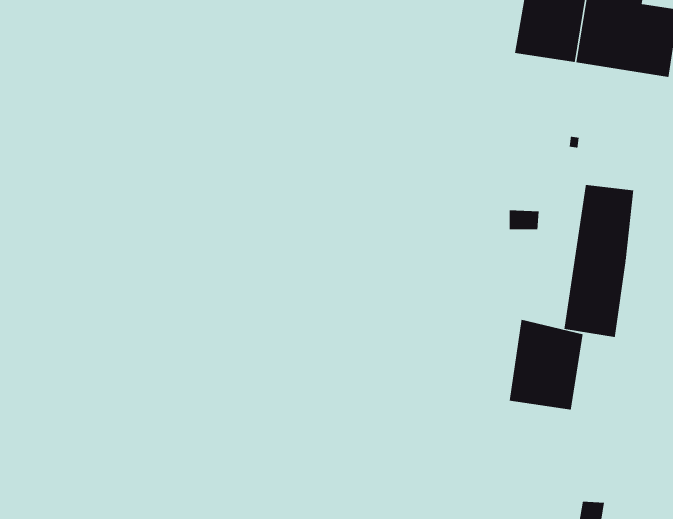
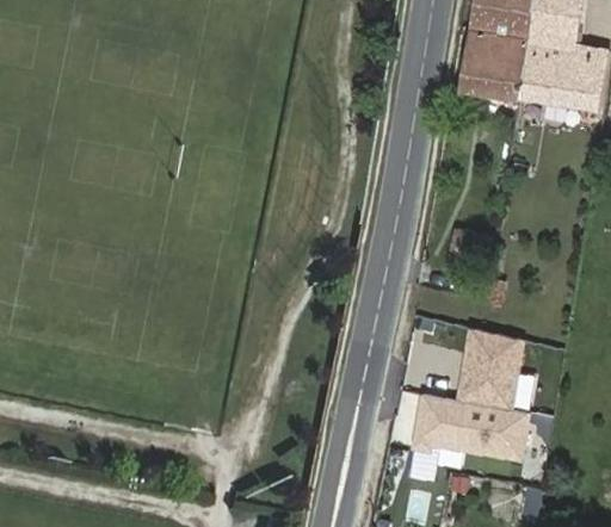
building: [564,184,634,338] -> none
building: none -> [412,398,529,463]

